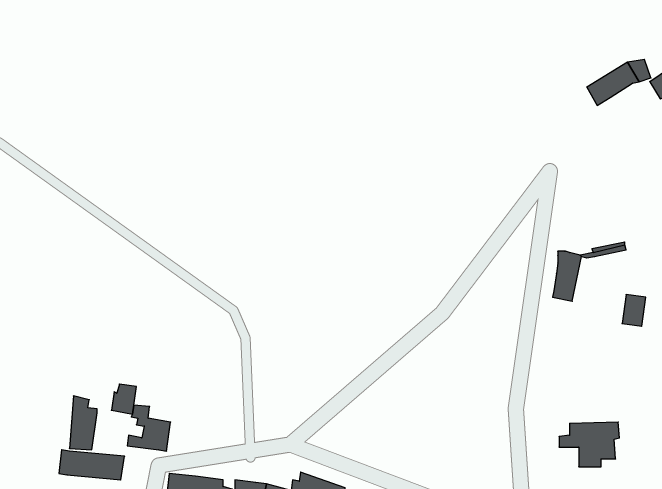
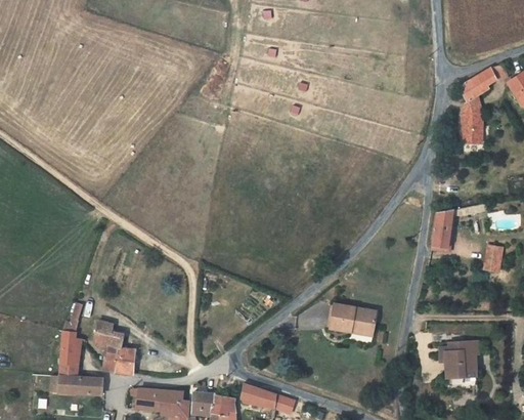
building: none -> [464,94,485,142]
building: none -> [330,306,377,334]

